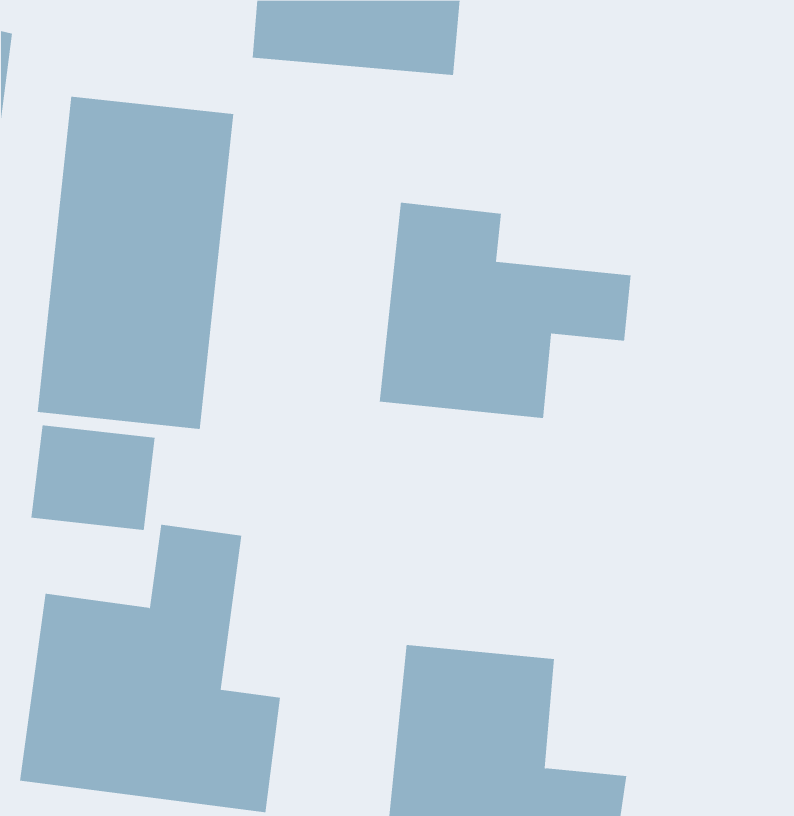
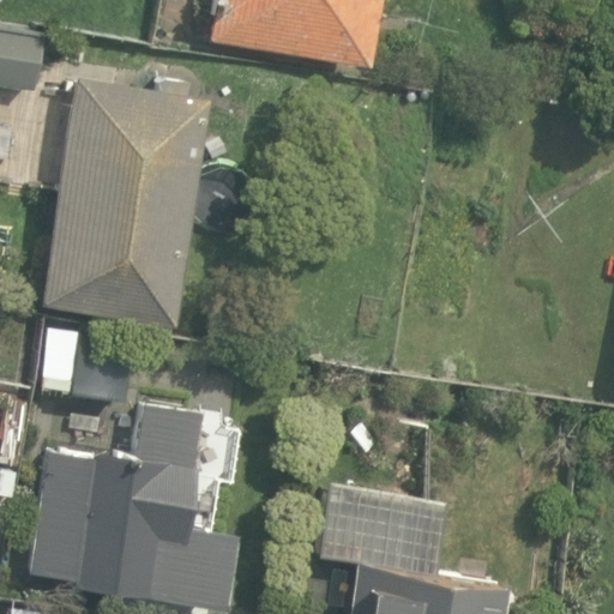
building: [379,202,631,419] -> none

